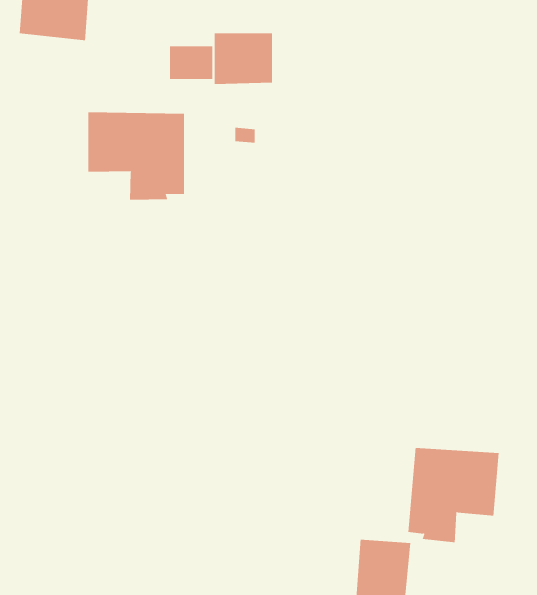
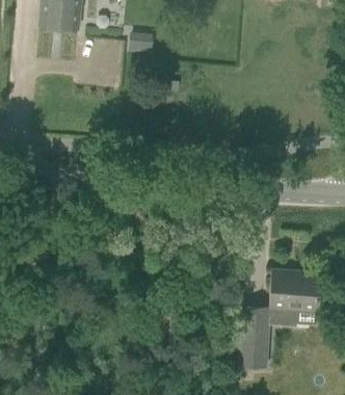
building: [214,32,273,85] -> none
building: [88,112,185,201] -> none

